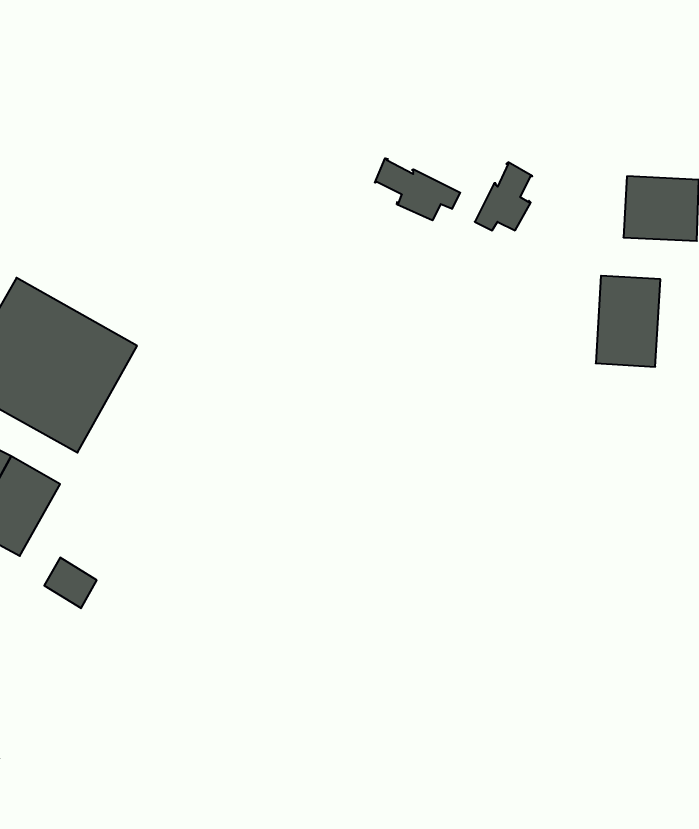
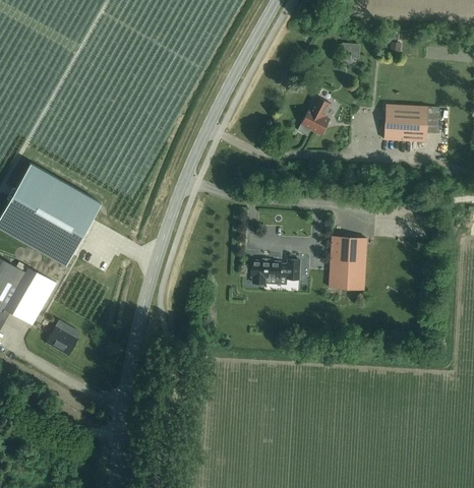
building: [375,158,460,220] -> none
building: [596,276,660,367] -> [329,237,366,290]
building: none -> [250,260,299,285]

